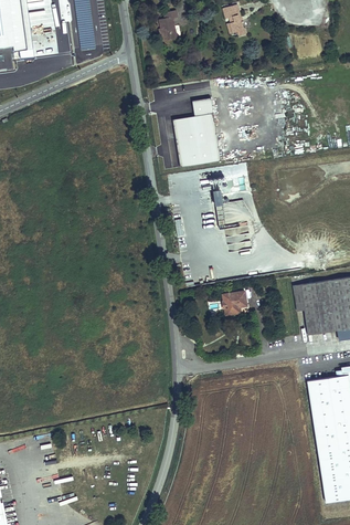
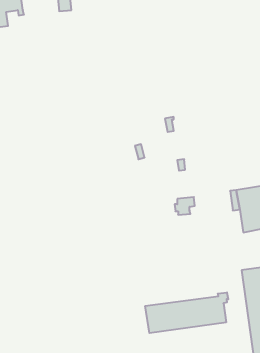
building: [173,102,221,171] -> none
building: none -> [145,292,228,333]

